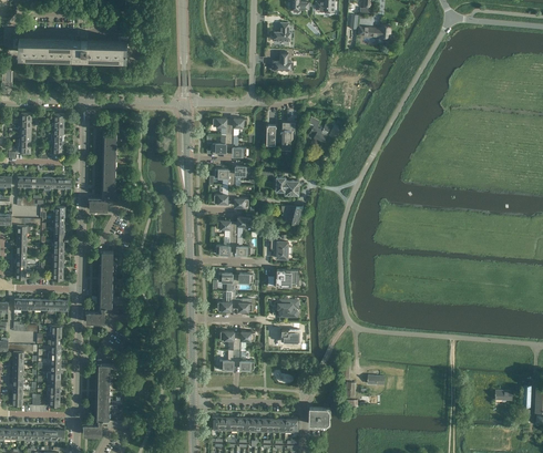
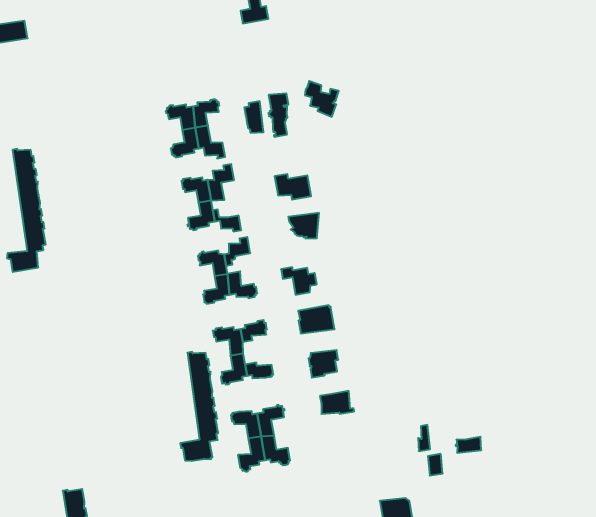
building: [84,250,113,325] -> [180,352,218,461]

